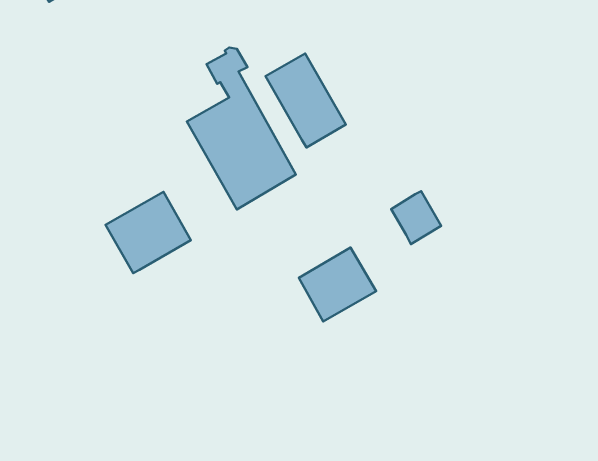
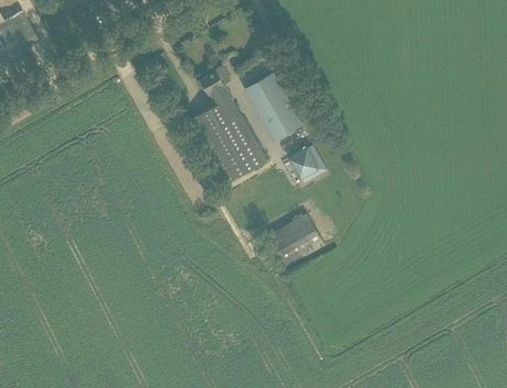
building: [391,191,441,244] -> [290,143,327,181]
building: [106,192,191,273] -> none

